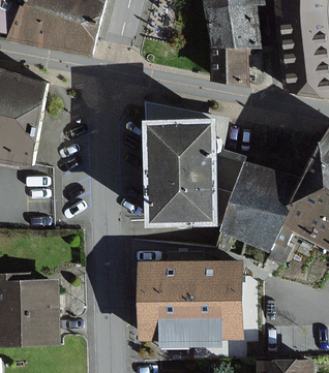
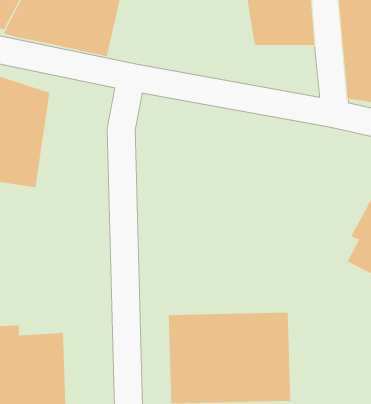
building: [210,45,259,83] -> none
building: [143,118,218,224] -> none
building: [222,162,301,251] -> none

